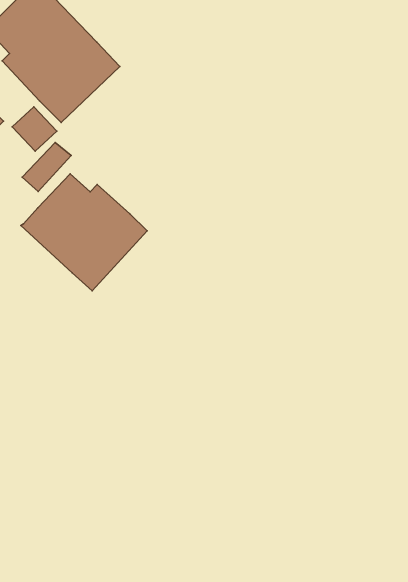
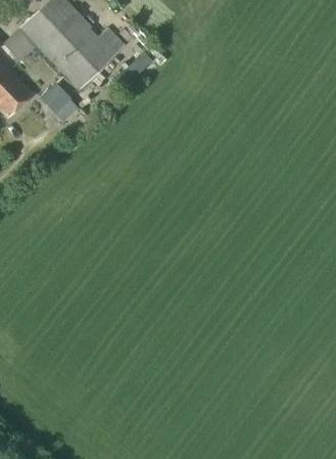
building: [21,174,147,291] -> none

